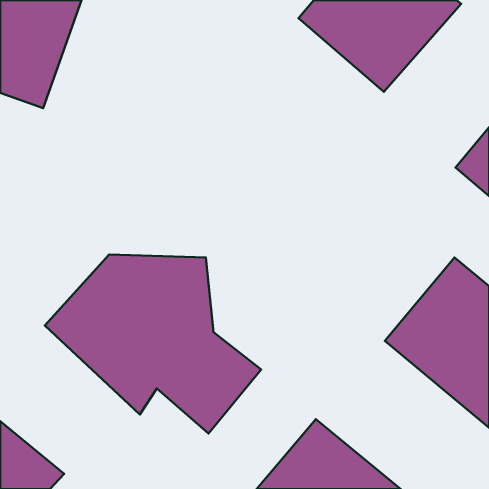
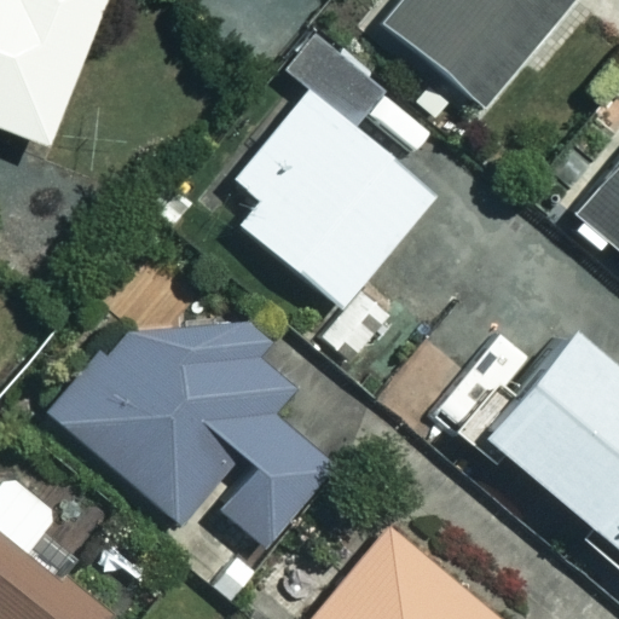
building: none -> [239,111,428,302]

